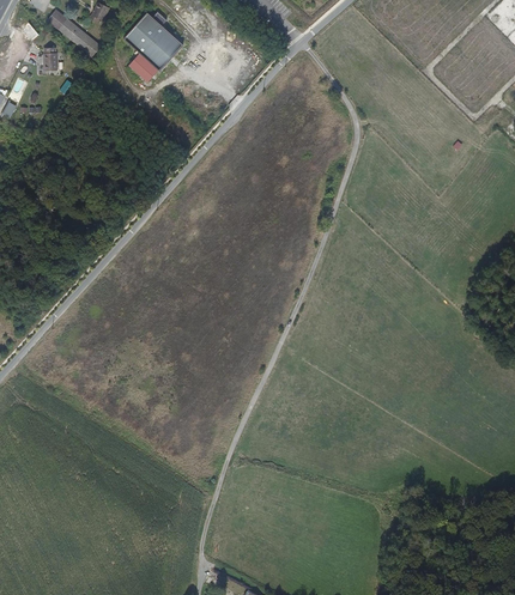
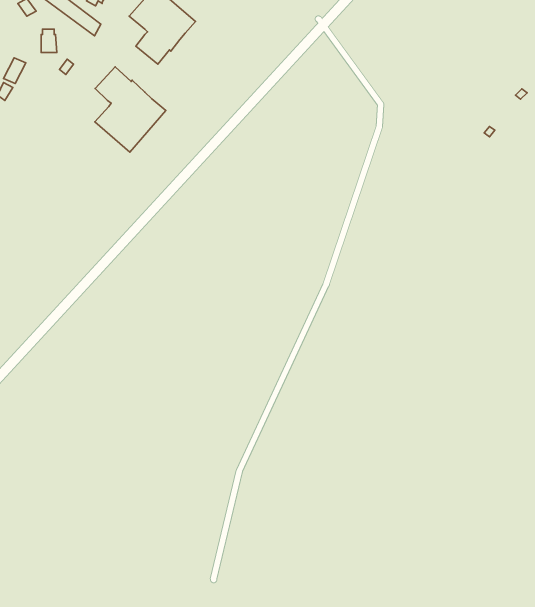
building: none -> [95,67,166,152]

